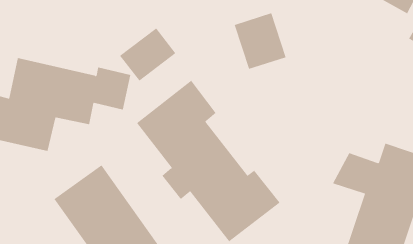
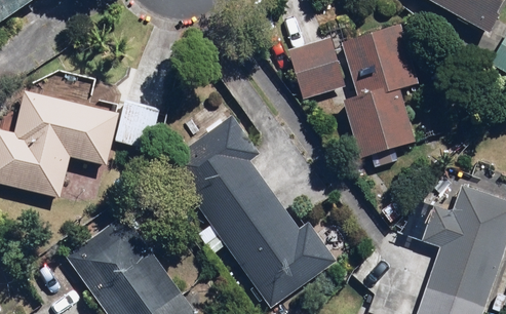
building: none -> [341,30,417,159]
building: [119,28,176,81] -> none

